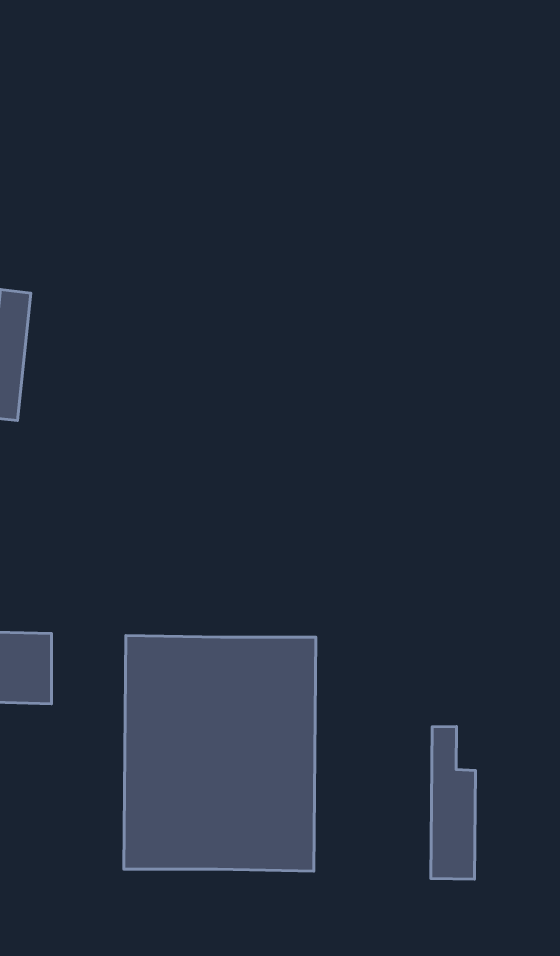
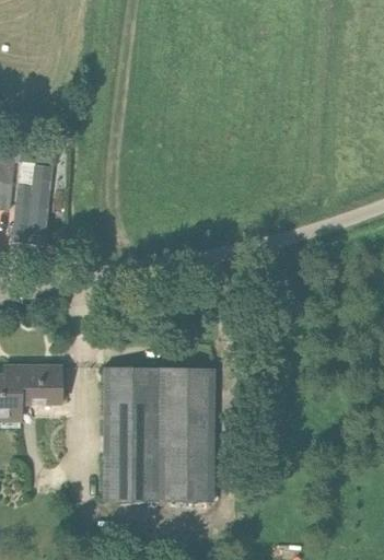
building: [431,726,476,879] -> none

